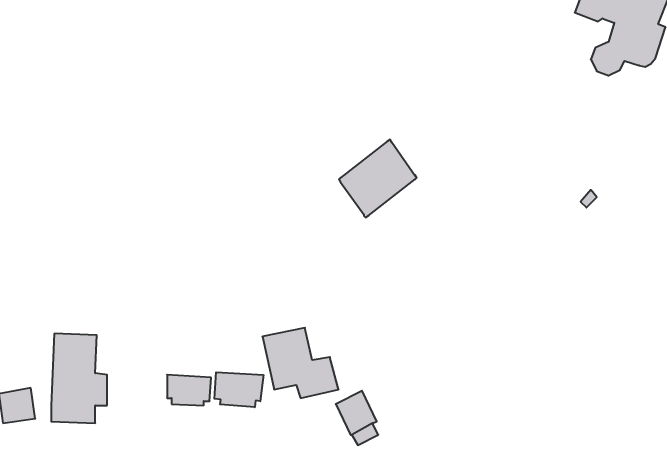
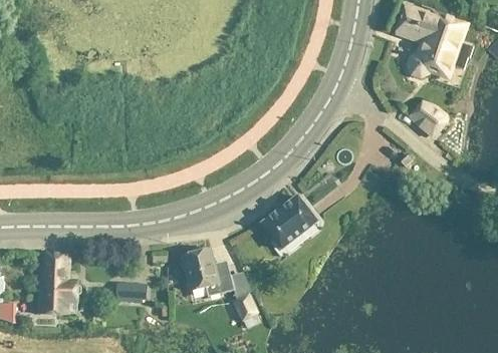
building: none -> [411,103,446,136]
building: [339,140,417,217] -> [263,195,316,248]
building: [214,372,263,407] -> none

